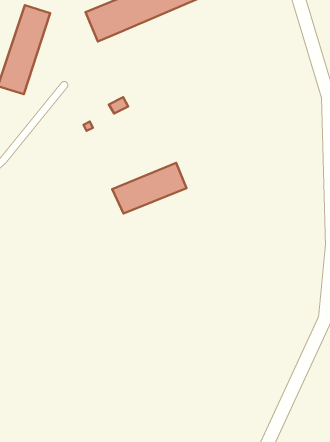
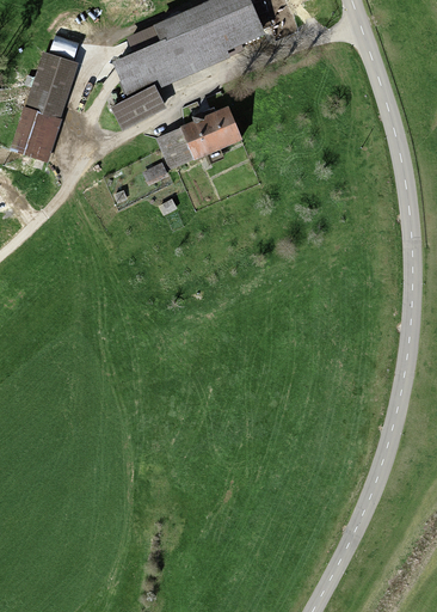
building: none -> [113,85,165,124]
building: [112,163,186,213] -> [154,106,241,166]

